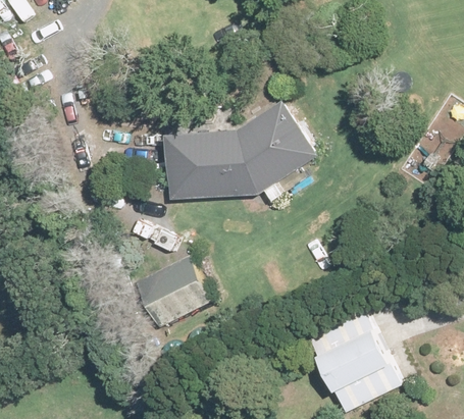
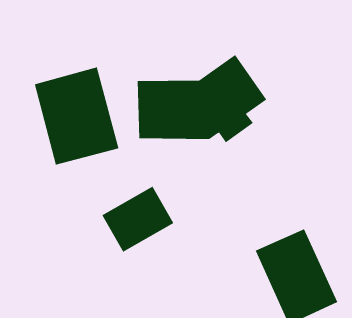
building: none -> [34,67,119,166]

